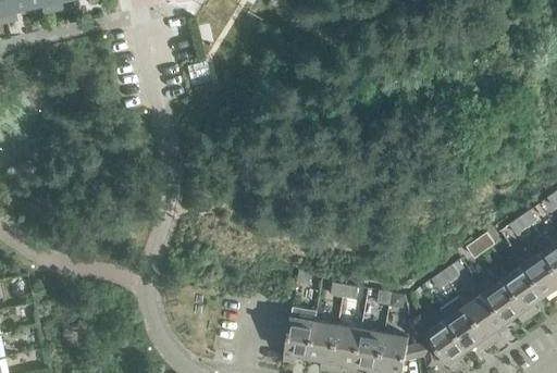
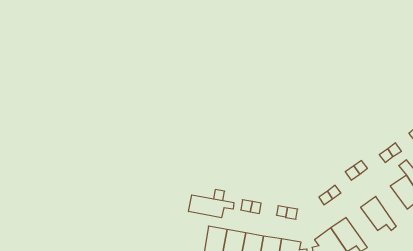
building: [506,265,546,316] -> none
building: none -> [189,195,234,218]
building: [468,293,508,344] -> none

